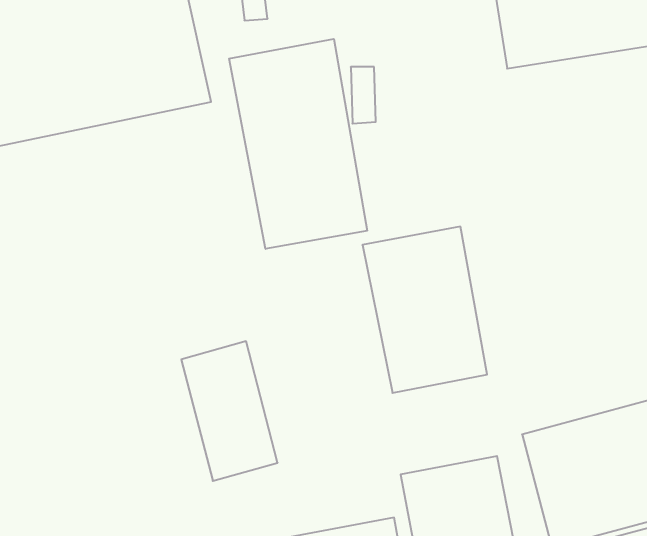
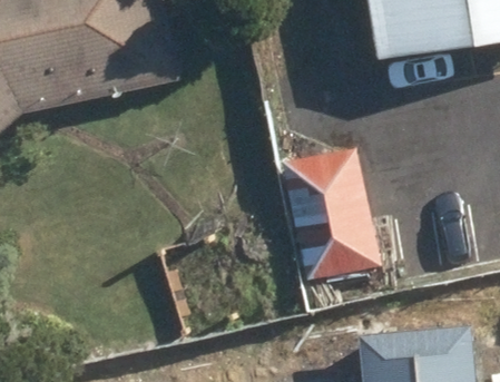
building: [229,39,367,249] -> none

